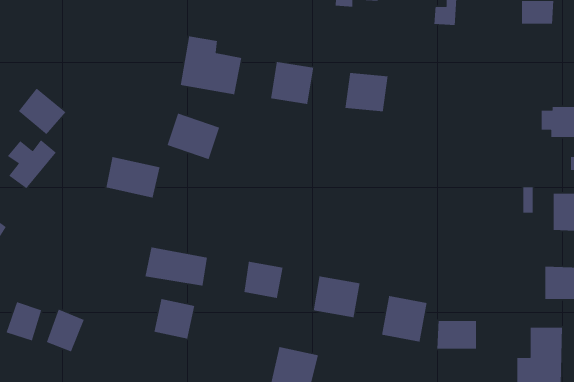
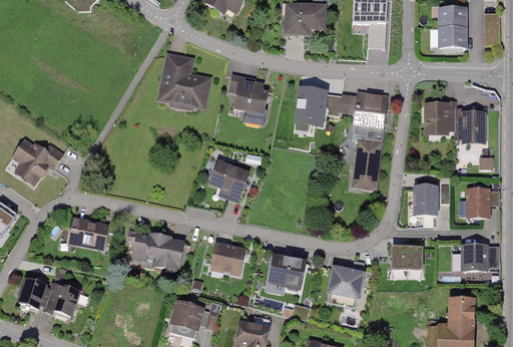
building: none -> [341,95,389,190]
building: [18,87,66,135] -> none
building: none -> [426,107,455,133]
building: [167,113,220,160] -> [208,160,252,200]
building: [106,156,160,199] -> [65,217,110,252]
building: none -> [411,184,435,217]
building: [154,298,195,340] -> [168,303,202,337]
building: [437,320,477,350] -> [388,247,421,271]

